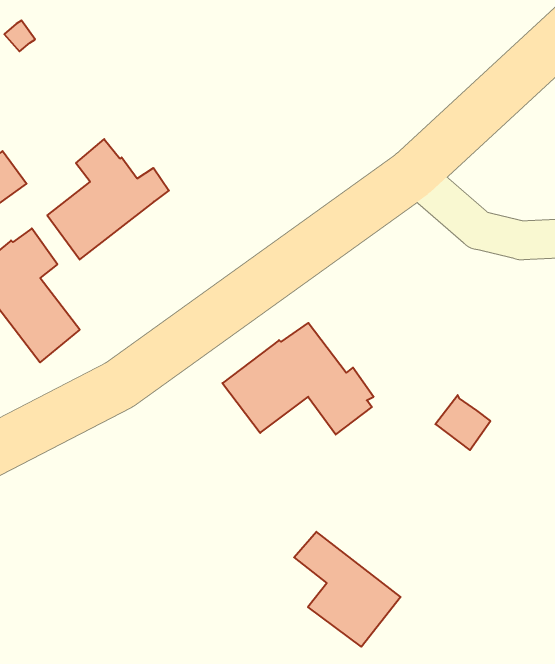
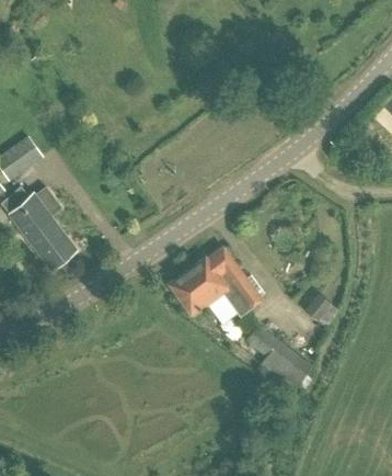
building: [47,139,169,260] -> none
building: [294,532,401,647] -> [245,325,313,398]

